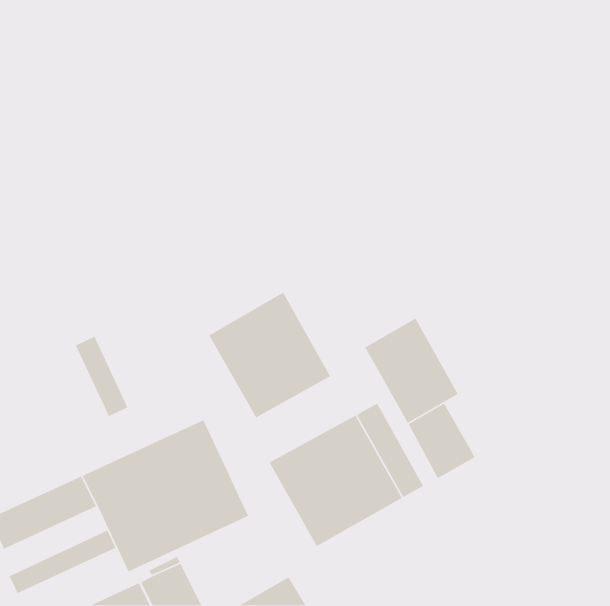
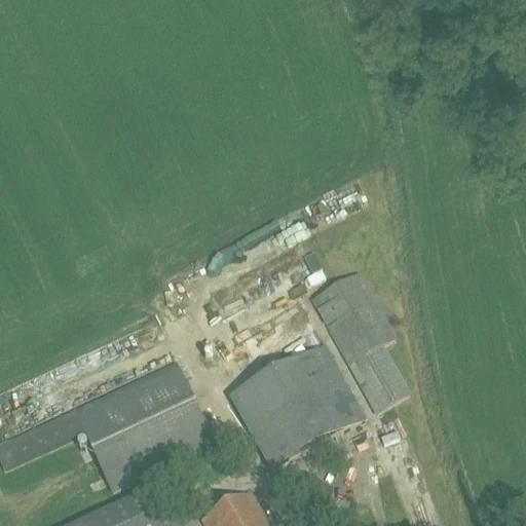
building: [208,291,331,418] -> none
building: [75,336,129,417] -> none
building: [8,529,117,594] -> none

